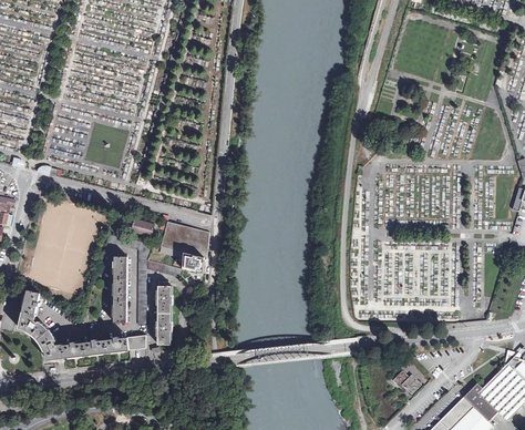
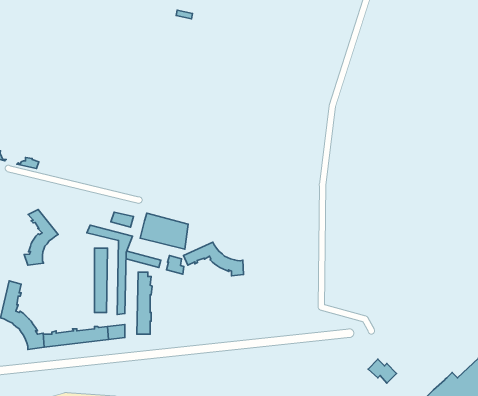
building: none -> [24,209,58,265]
building: none -> [183,242,243,276]

